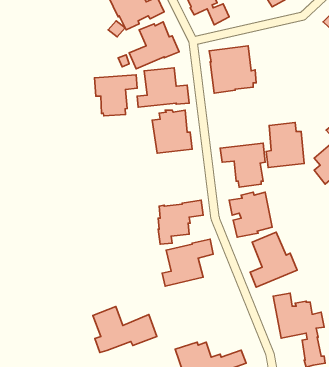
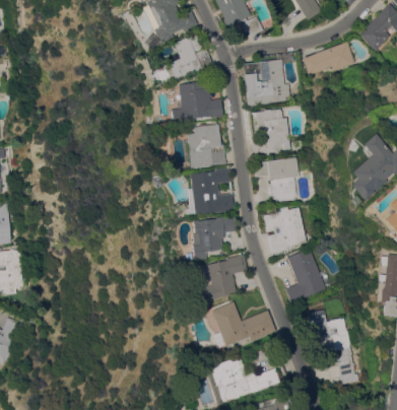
building: none -> [303,42,355,75]
building: [94,75,137,116] -> none
building: [266,122,304,167] -> [252,109,290,154]
building: none -> [189,167,234,214]
building: [93,307,157,353] -> [210,301,275,348]

